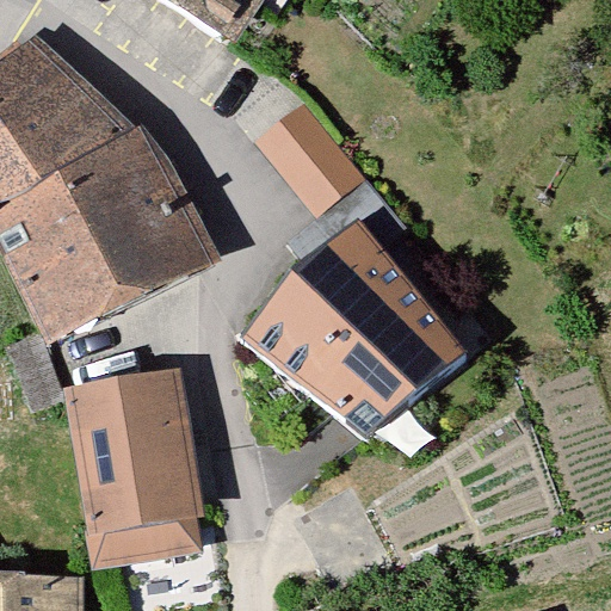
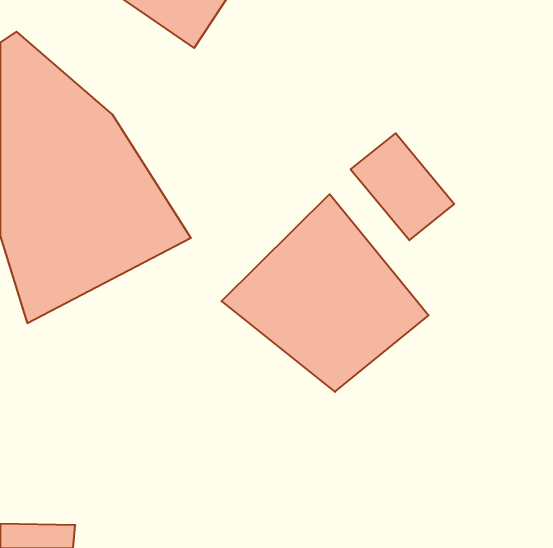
building: [261,95,375,212] -> [351,133,454,240]
building: [54,372,197,562] -> none

